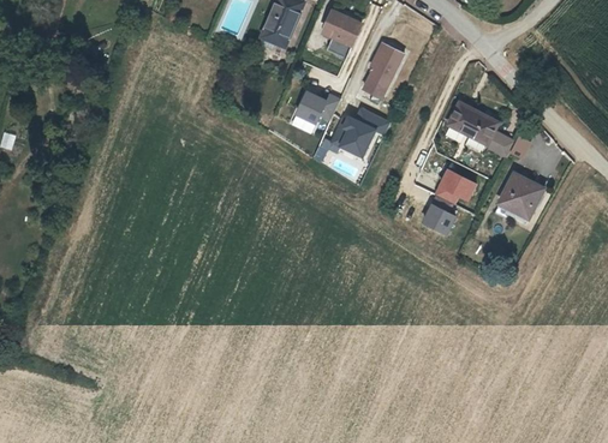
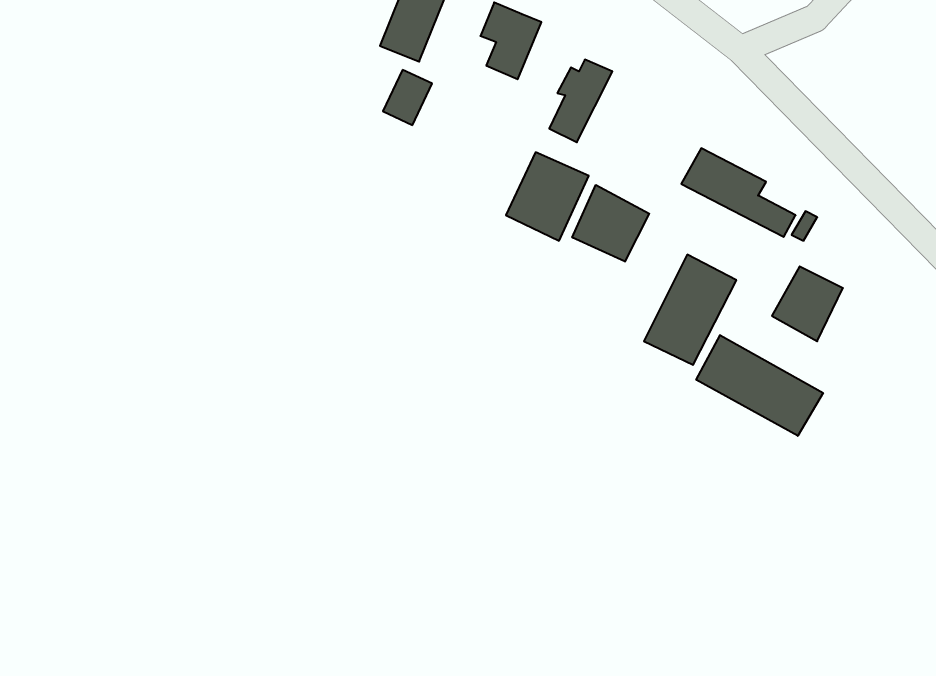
building: [298,88,328,121] -> [383,70,432,125]
building: none -> [572,185,649,262]
building: none -> [696,335,823,436]

